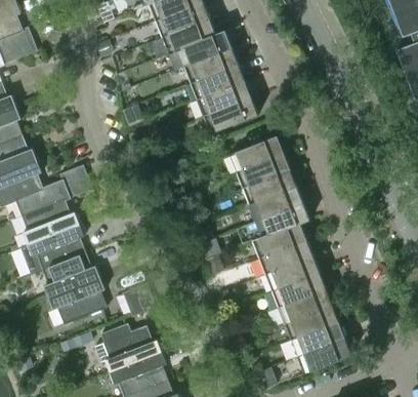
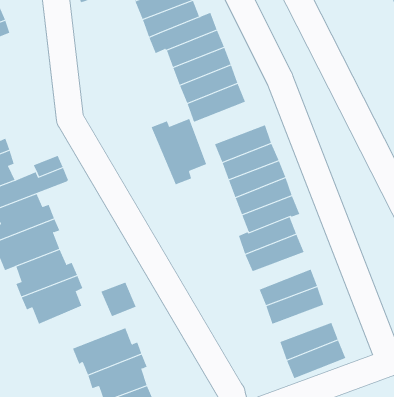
building: none -> [151,118,207,185]
building: [264,255,320,290] -> none
building: [283,305,339,340] -> none

